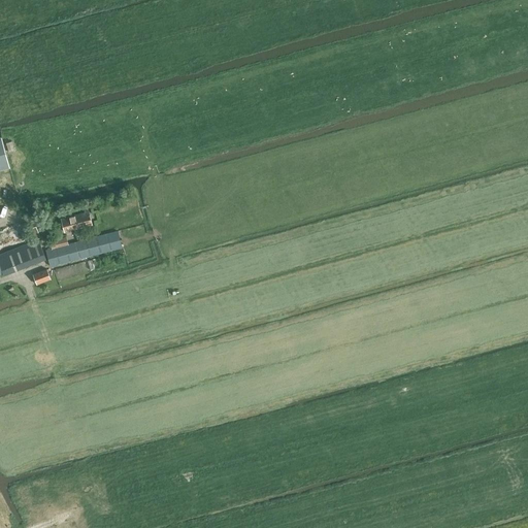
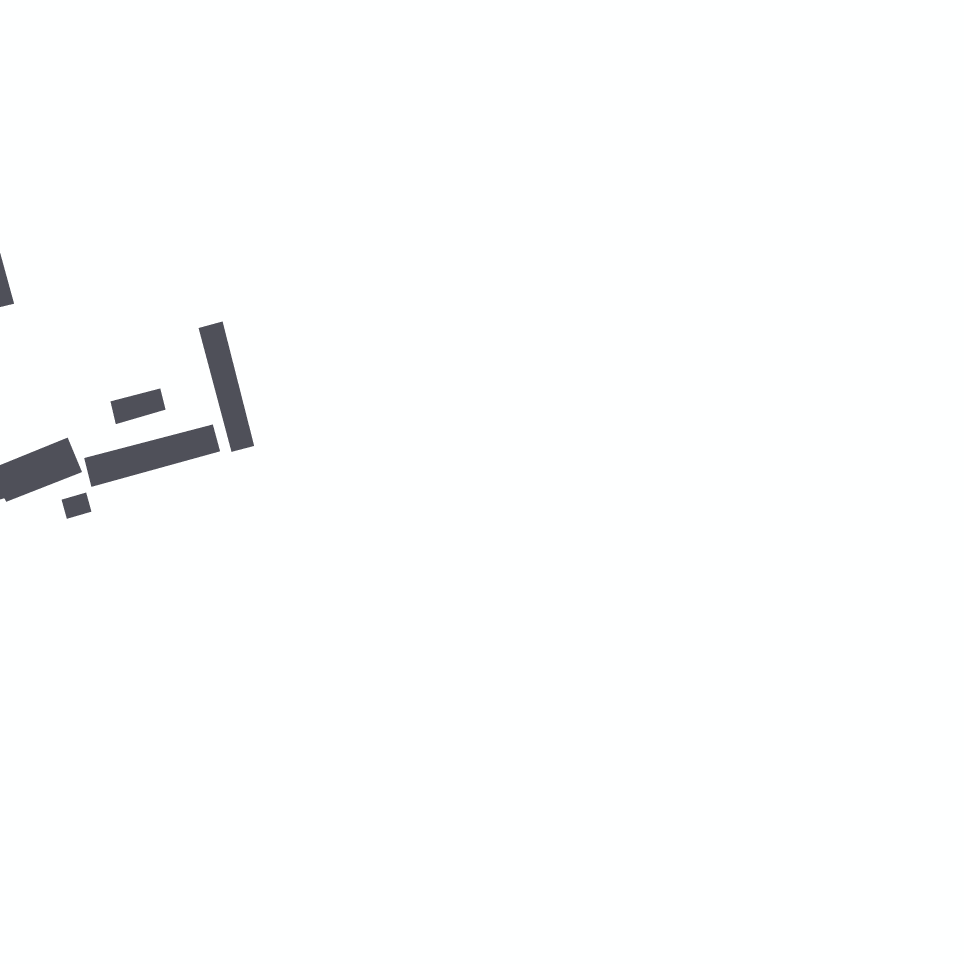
building: none -> [198,320,255,453]

